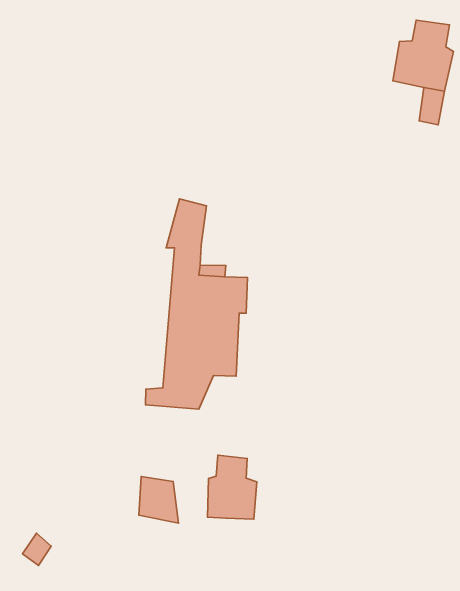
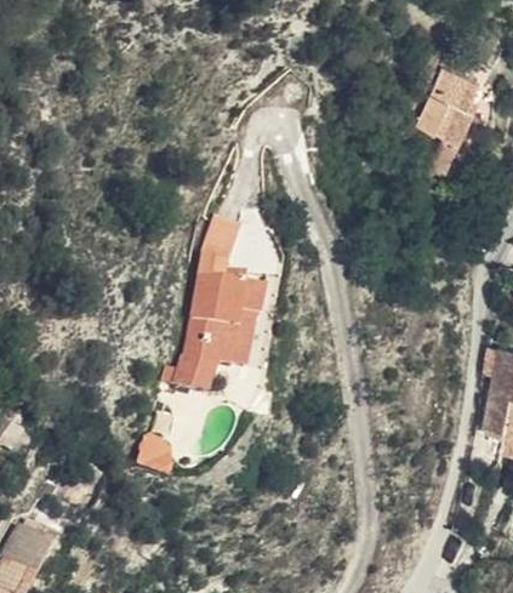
building: [208,455,257,519] -> none

